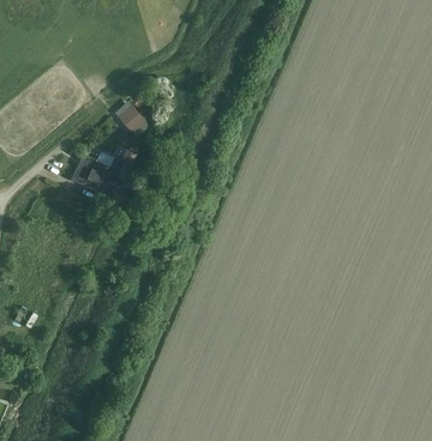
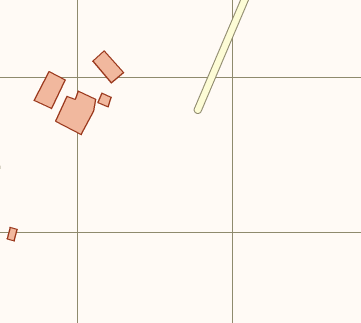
building: none -> [34,72,65,109]

